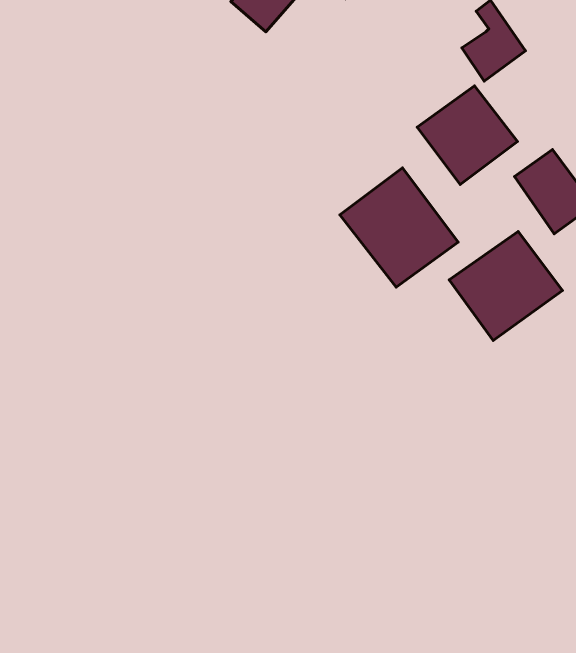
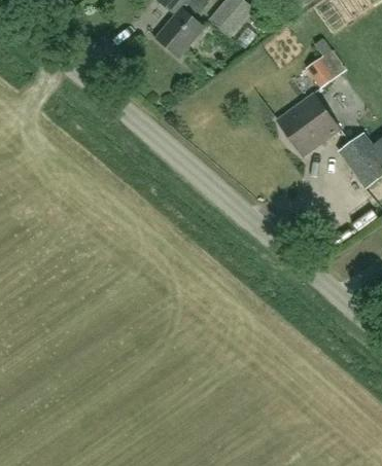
building: [340,168,458,287] -> none
building: [449,231,563,341] -> none

